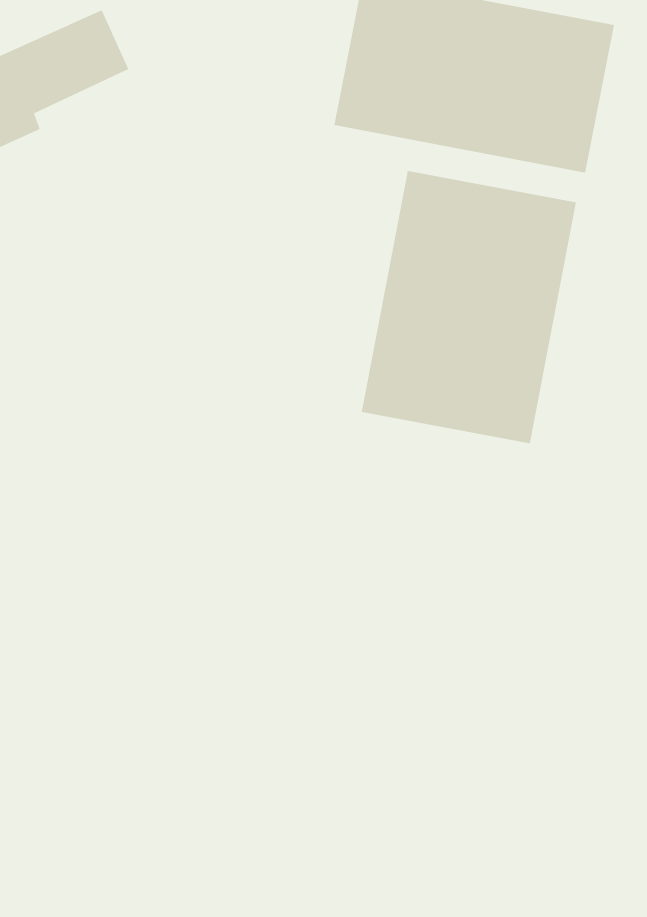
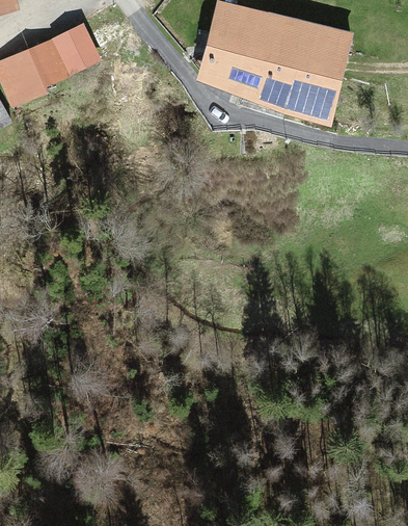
building: [361,170,576,444] -> none

